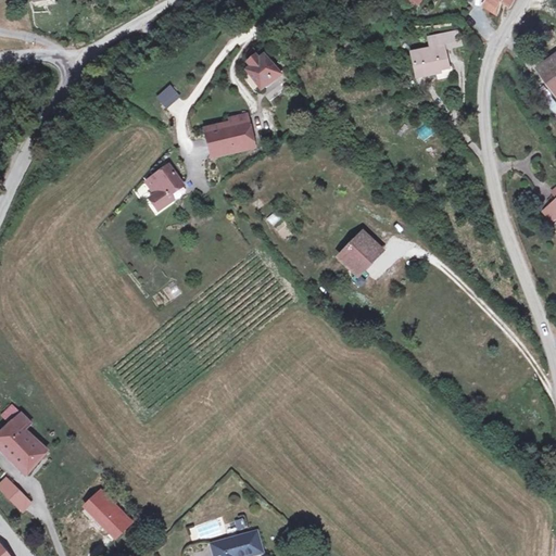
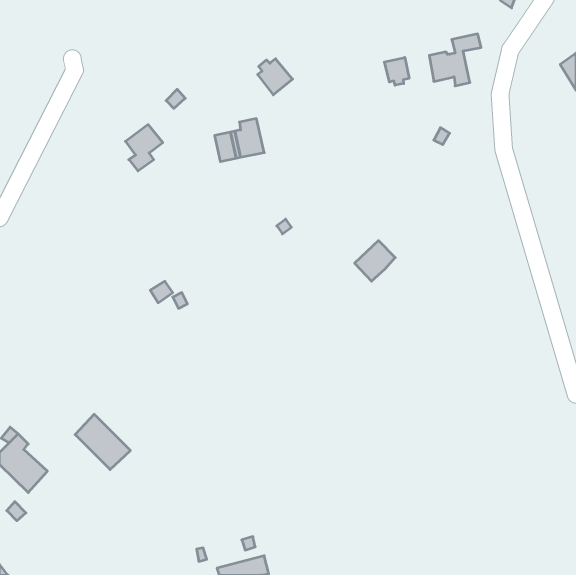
building: none -> [384,57,409,85]
building: [142,166,178,211] -> [125,125,163,171]
building: [80,485,134,539] -> [75,414,130,470]

